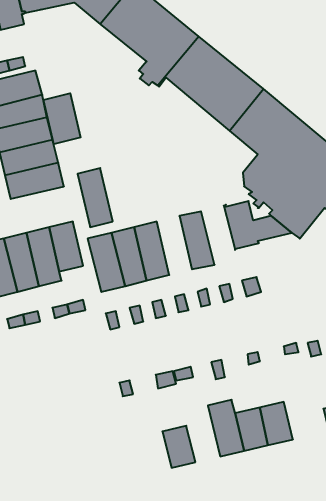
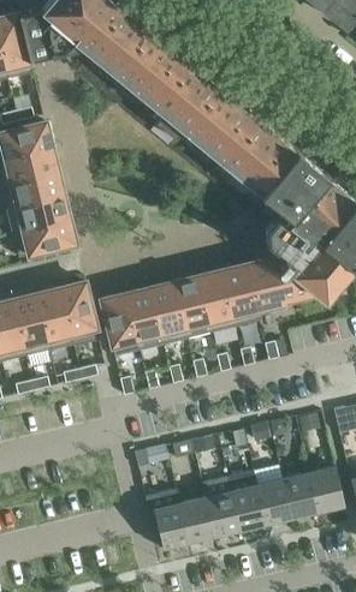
building: [43,93,81,144] -> none
building: [78,168,113,227] -> [173,275,210,337]
building: none -> [220,264,259,327]
building: none -> [308,466,344,512]
building: none -> [201,476,241,536]
building: none -> [144,488,189,549]

